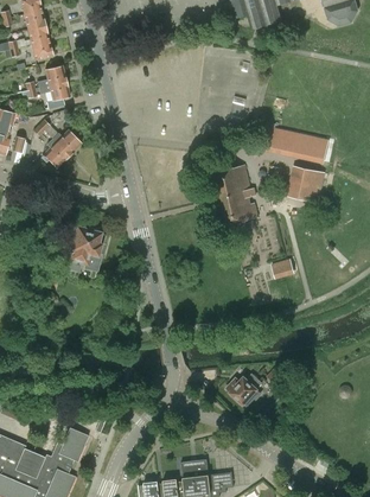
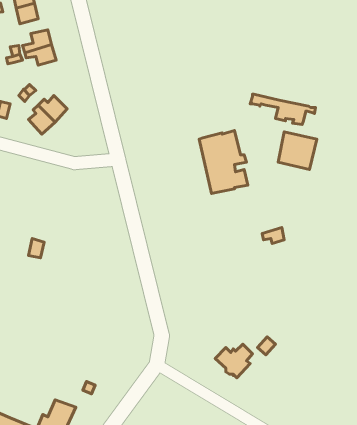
building: [68,227,102,272] -> none

